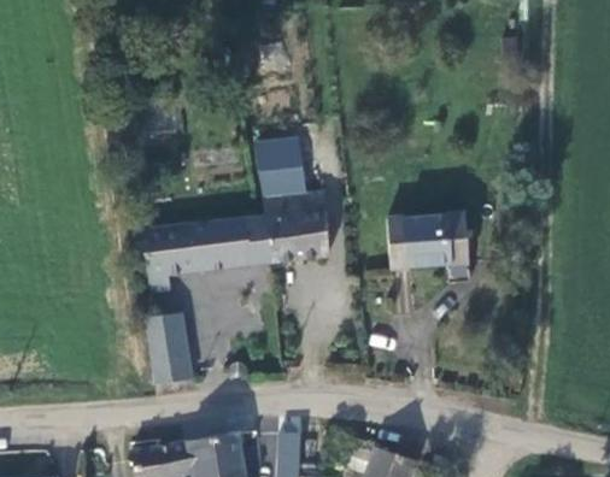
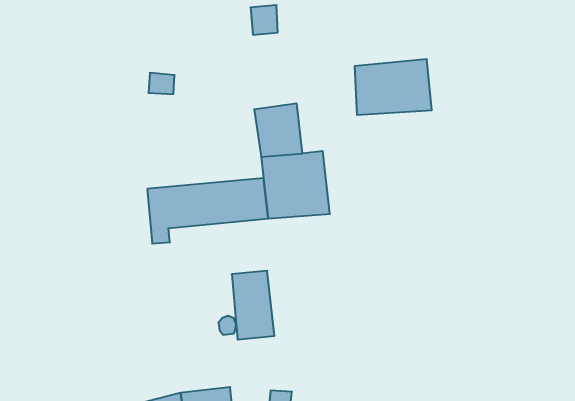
building: [388,210,467,266] -> [355,59,432,115]
building: [147,311,190,381] -> [232,271,274,340]

